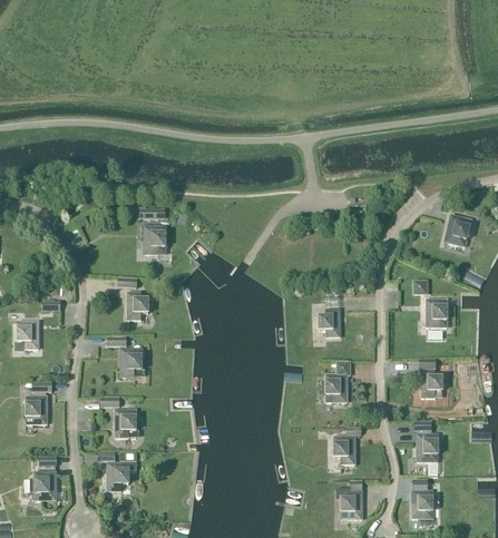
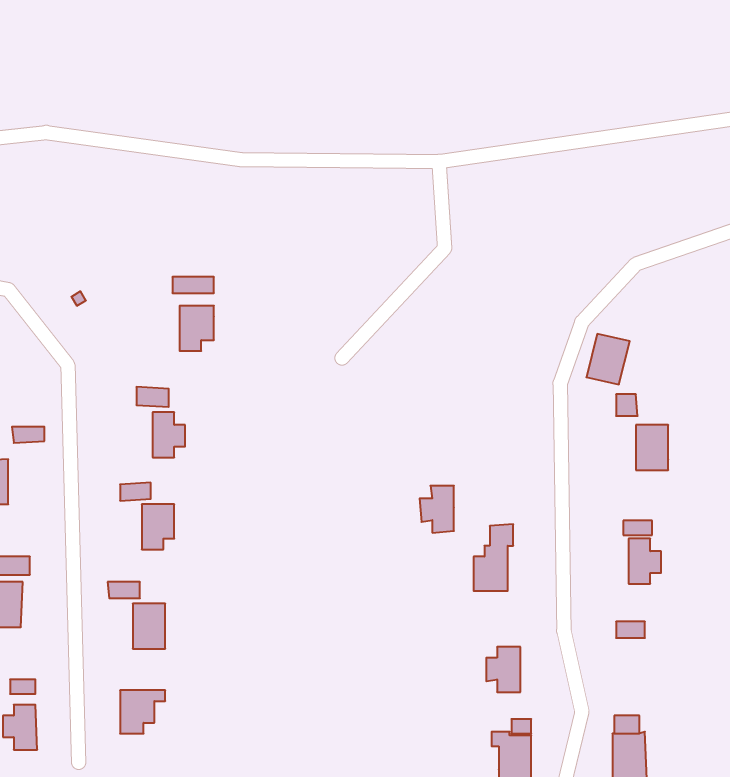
building: [443,215,470,246] -> [586,334,630,384]
building: [318,309,339,338] -> [420,486,454,533]
building: [417,434,437,461] -> none

